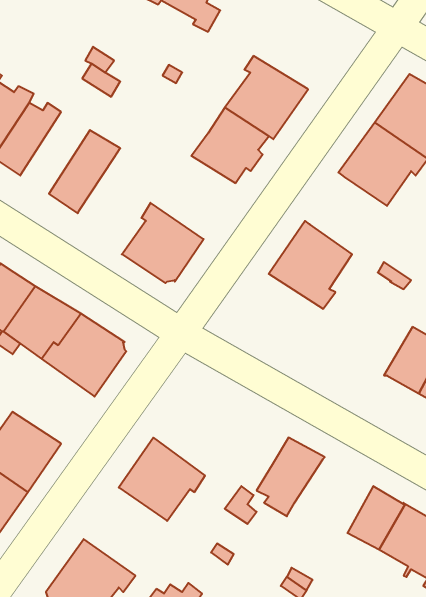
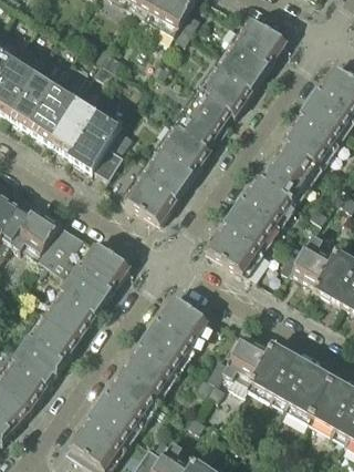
building: none -> [220,20,287,79]
building: none -> [50,95,101,155]
building: none -> [145,127,210,188]
building: none -> [93,129,128,176]
building: none -> [261,143,317,199]
building: none -> [209,214,271,271]
building: none -> [285,234,336,288]
building: none -> [44,276,104,338]
building: none -> [147,296,210,361]
building: none -> [250,349,308,409]
building: none -> [96,370,157,434]

